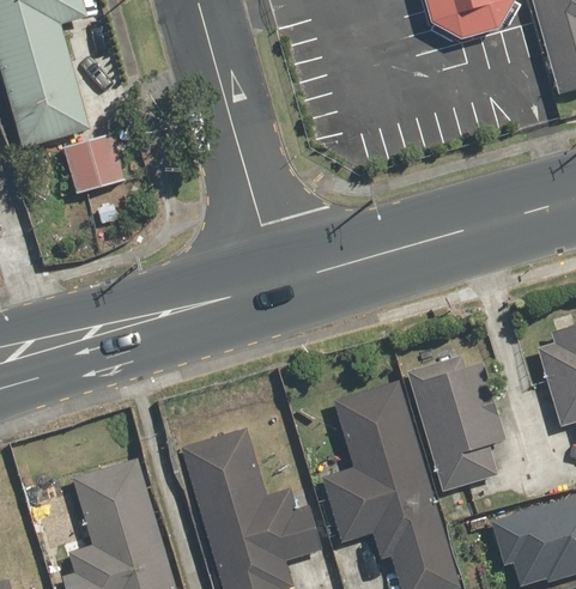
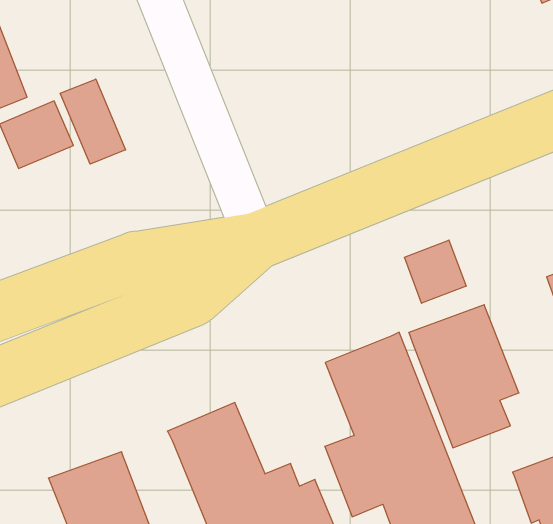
building: none -> [60,79,126,164]
building: none -> [404,240,466,303]

